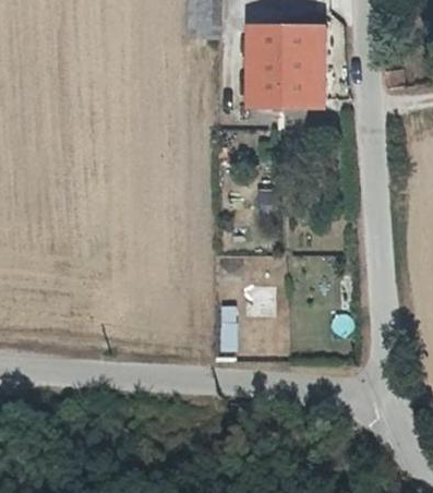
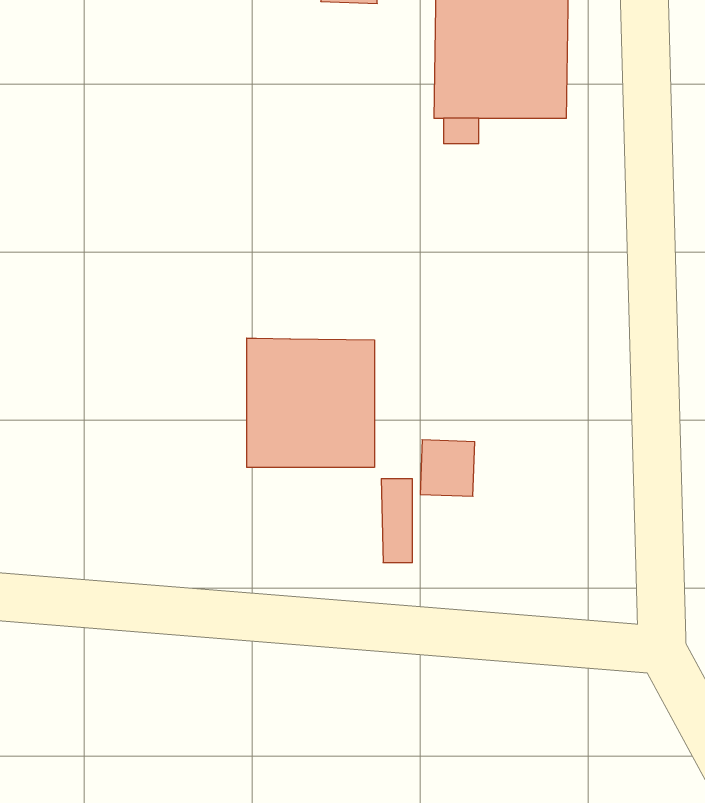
building: none -> [247,338,374,467]

